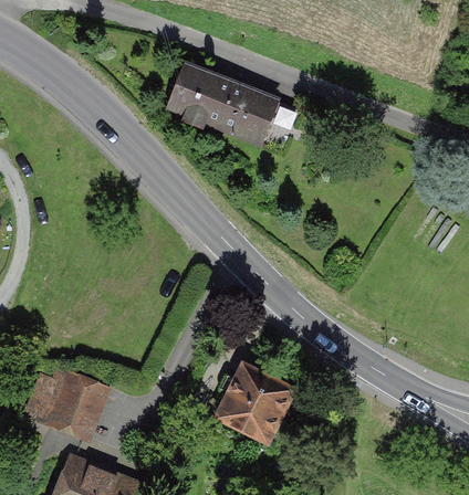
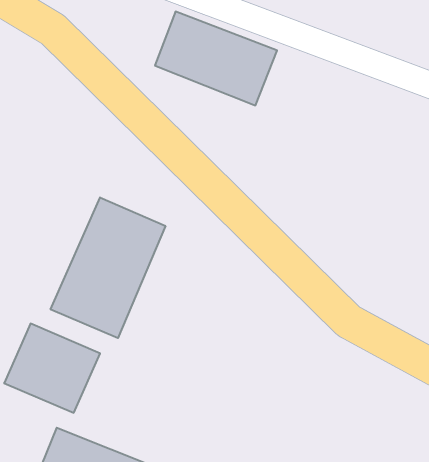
building: none -> [51,197,165,338]
building: [212,364,295,449] -> none

